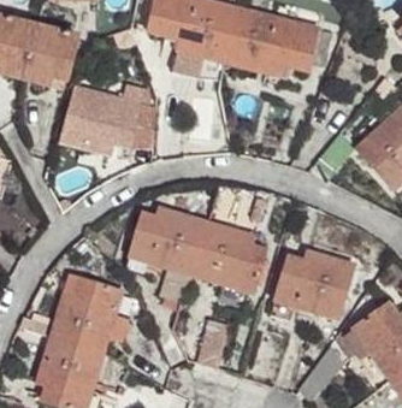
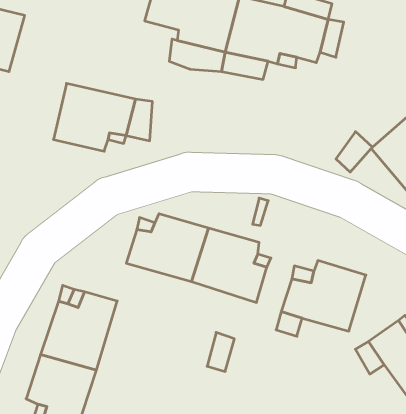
building: [22,26,77,84] -> none

